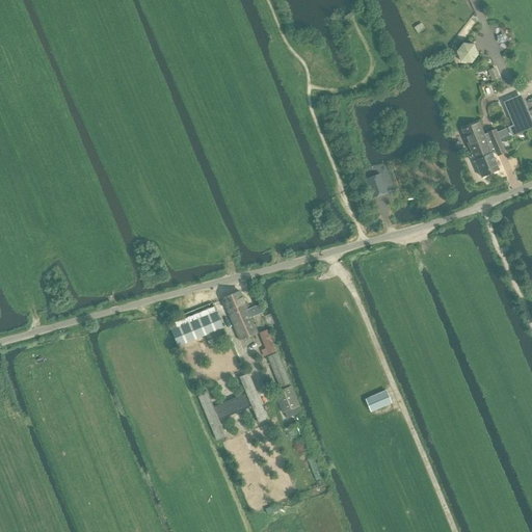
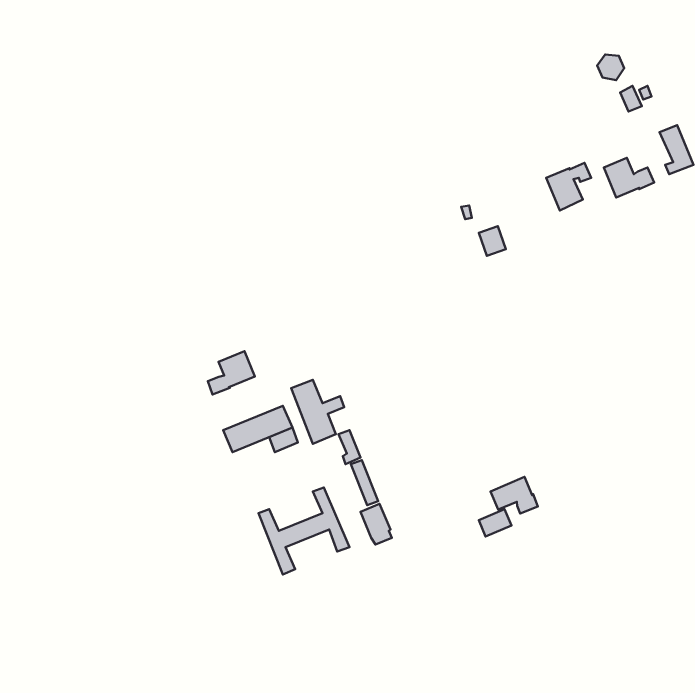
building: [471,139,505,176] -> [546,163,591,210]
building: none -> [208,351,255,394]
building: none -> [490,477,538,513]

